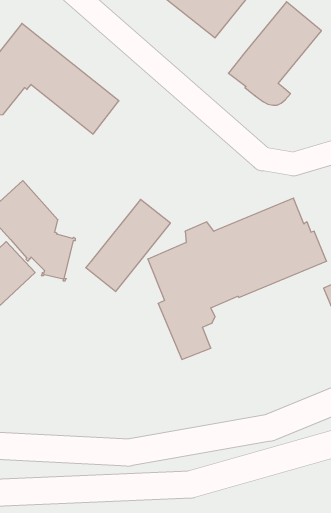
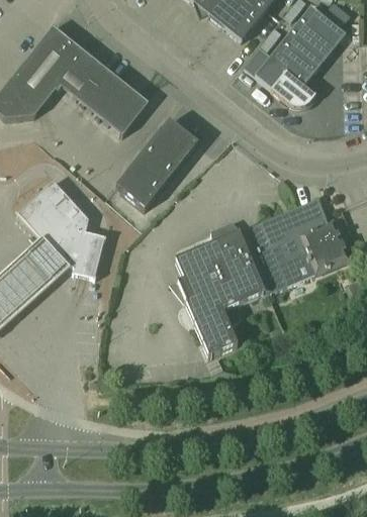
building: [86,199,170,291] -> [115,117,198,207]

